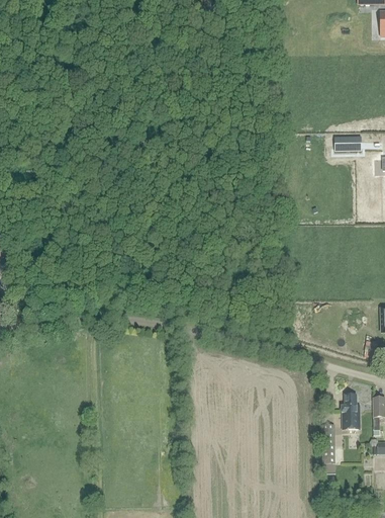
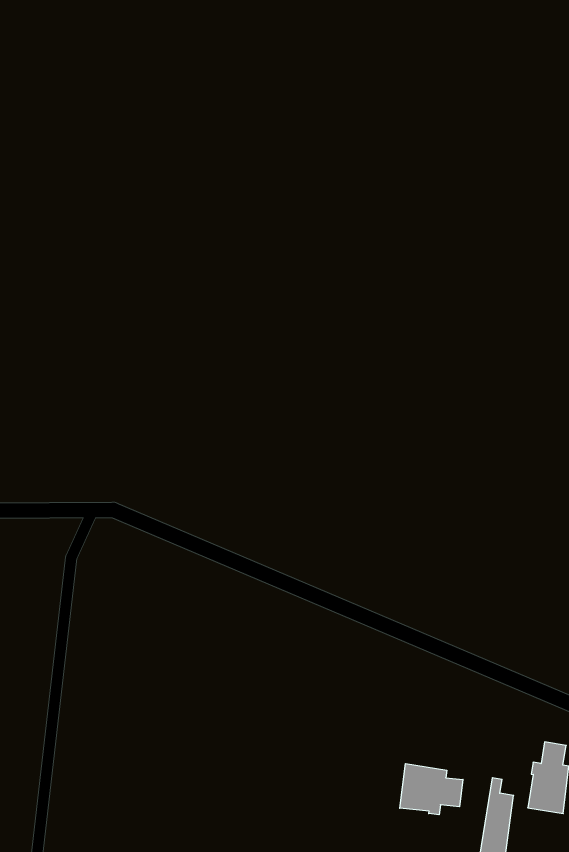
building: none -> [400,764,463,815]

